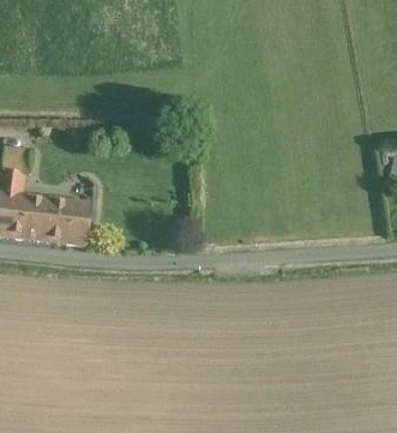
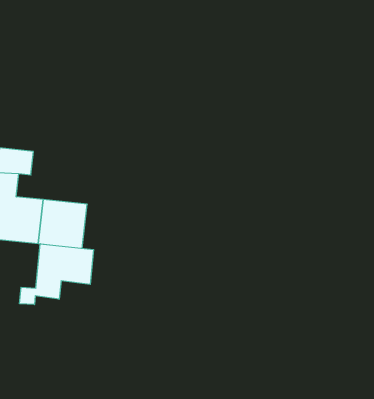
building: none -> [20,244,94,305]

